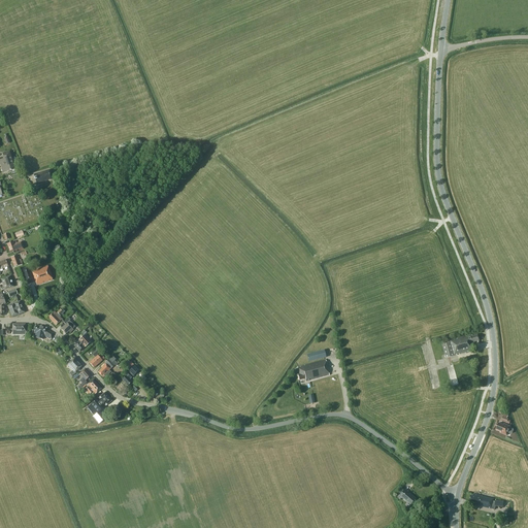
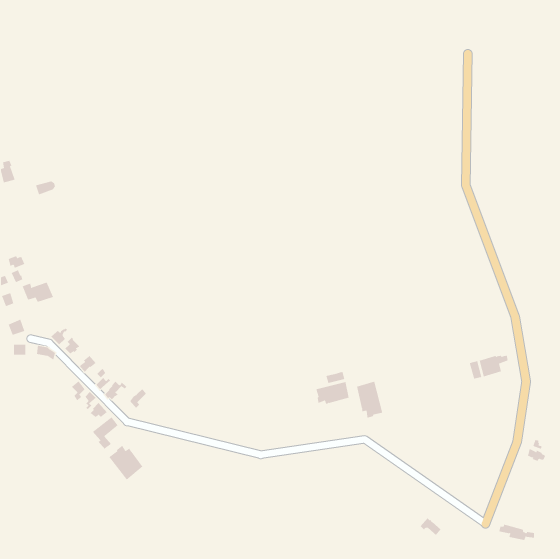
building: none -> [356,381,383,419]
building: none -> [108,445,143,481]

